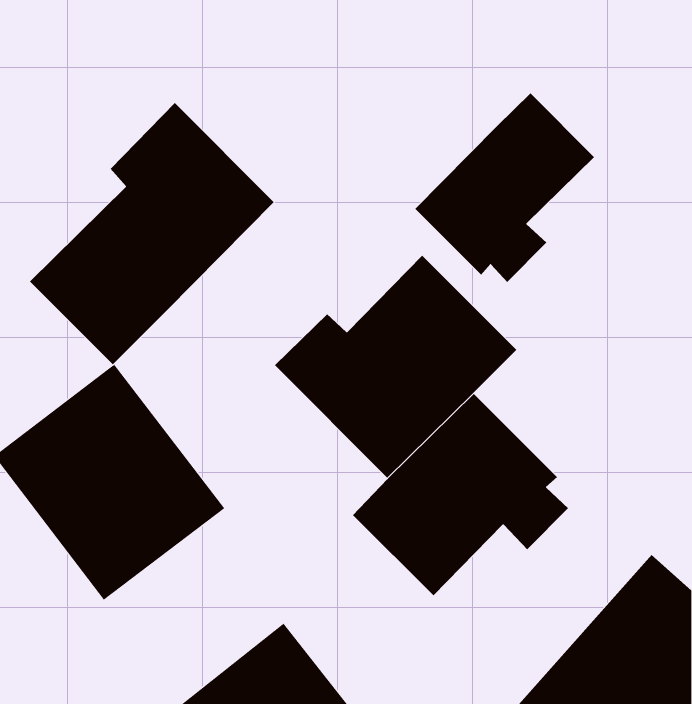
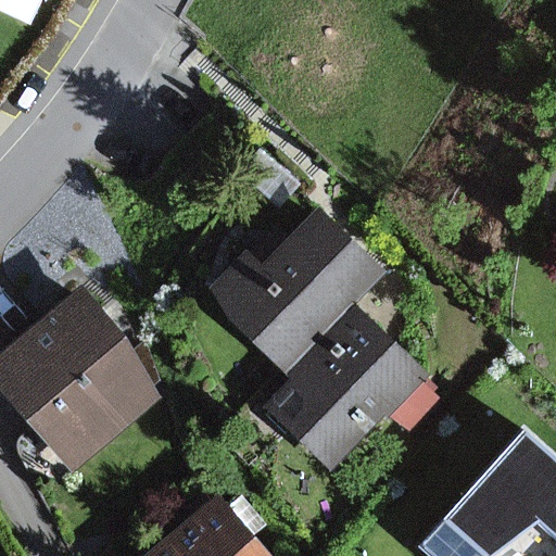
building: [415,93,595,283] -> none
building: [29,102,275,365] -> none

